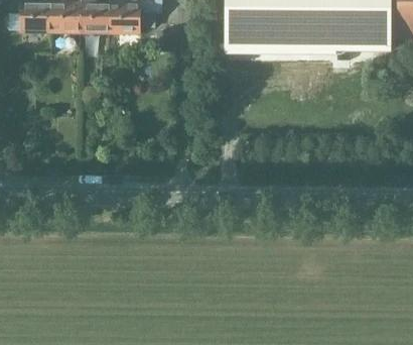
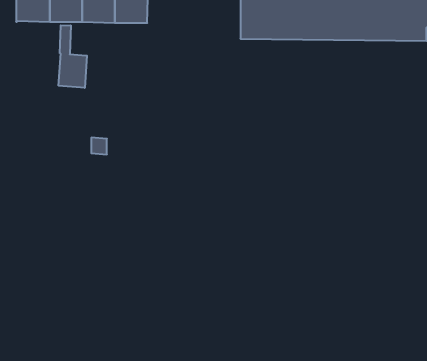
building: none -> [59,25,87,88]

